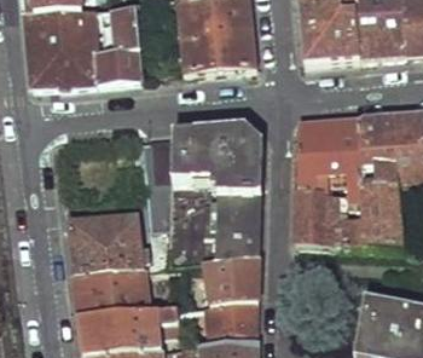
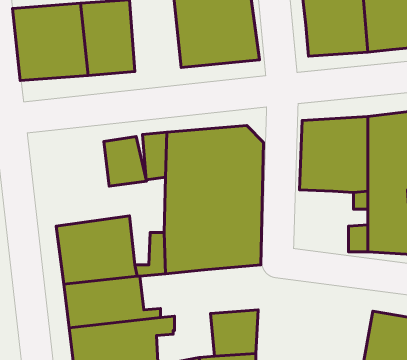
building: none -> [104,137,147,186]
building: [294,186,335,243] -> none
building: [207,256,260,302] -> none

